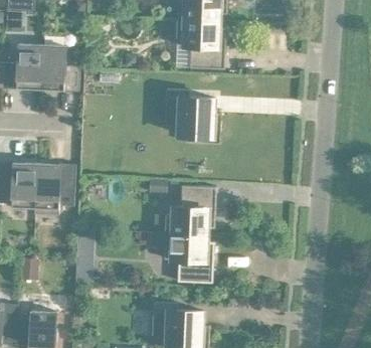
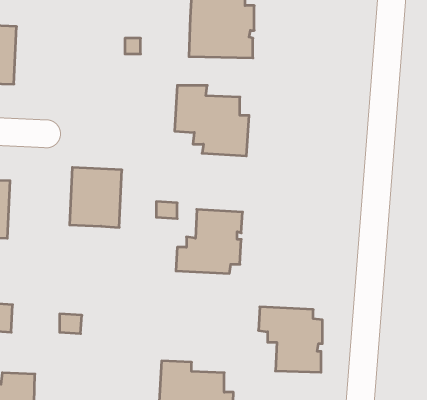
building: [39,44,78,91] -> none
building: [34,163,74,209] -> [70,167,122,227]
building: [163,232,212,283] -> [258,307,322,372]

